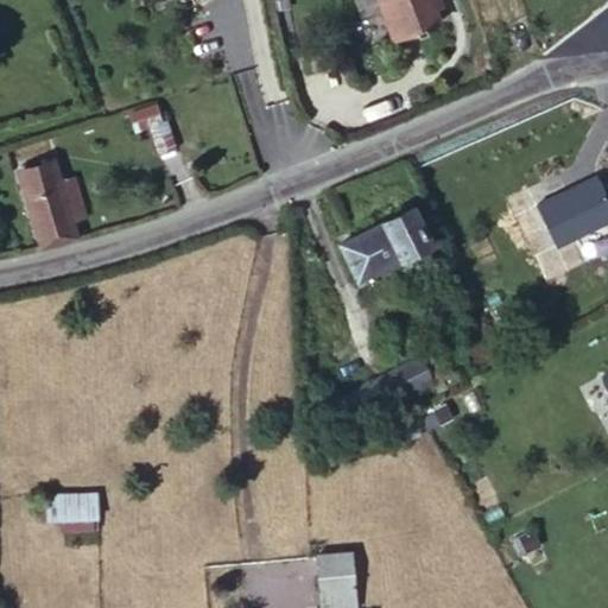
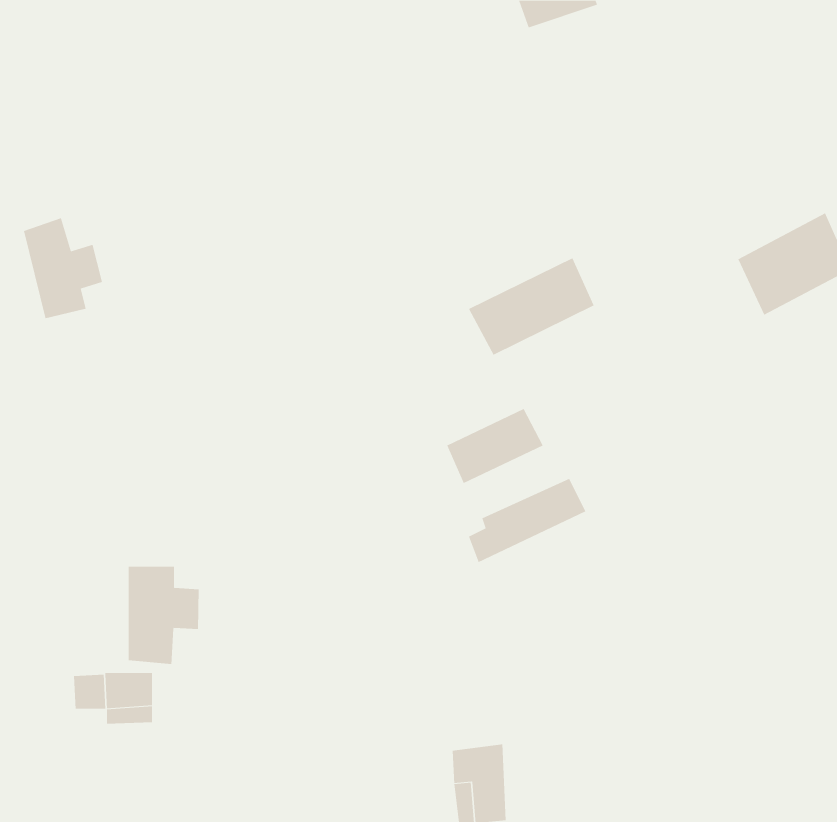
building: none -> [446,408,543,484]
building: none -> [128,566,199,665]

